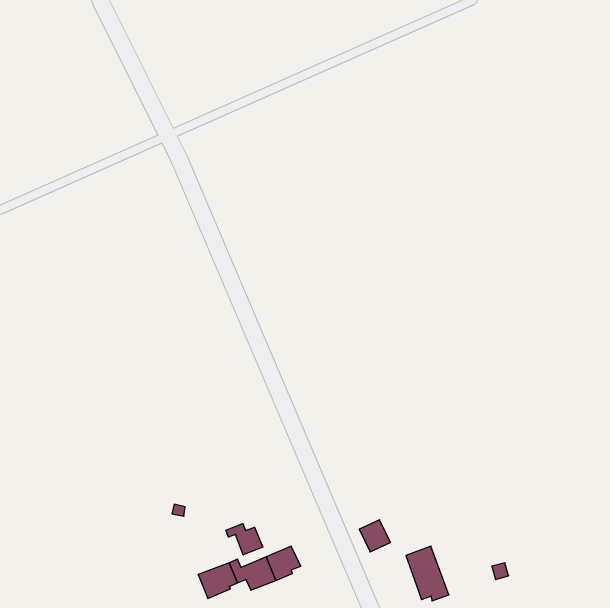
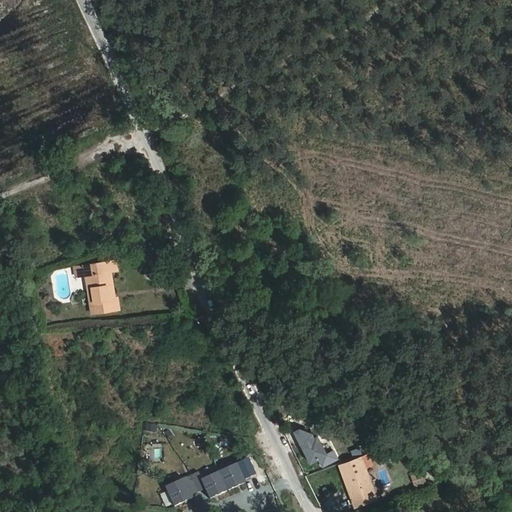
building: none -> [85,262,119,315]
building: [226,524,263,555] -> none

